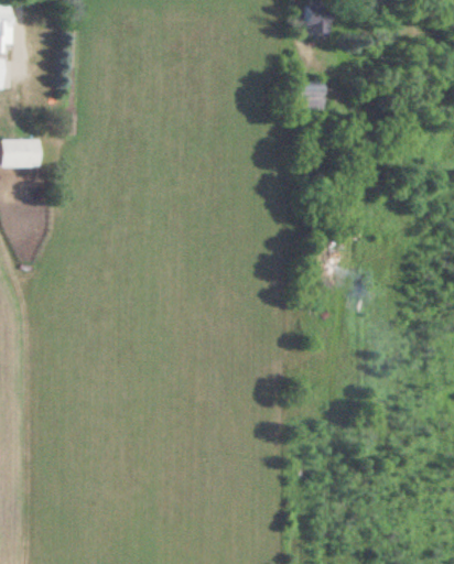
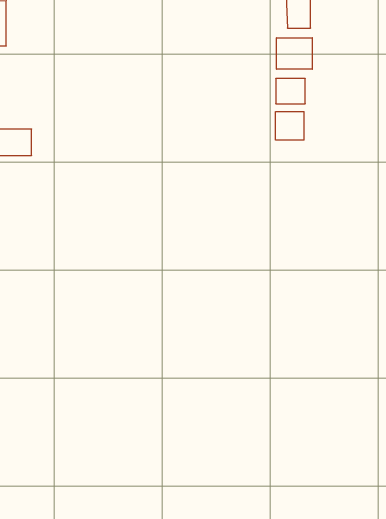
building: none -> [277,38,312,69]
building: none -> [276,112,304,140]

